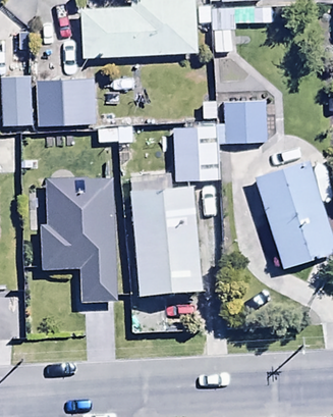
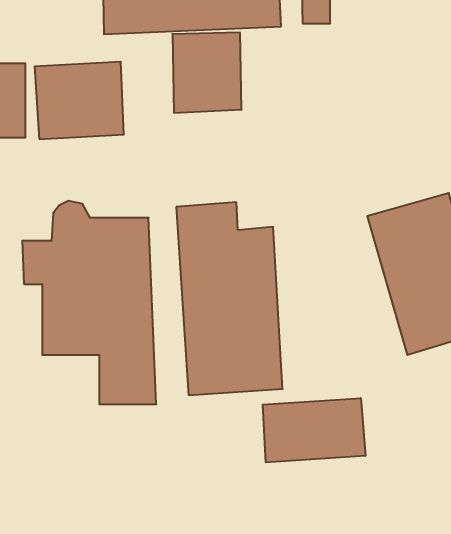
building: [224,99,267,142] -> none
building: [174,128,220,181] -> [172,33,242,113]
building: none -> [263,398,365,462]

